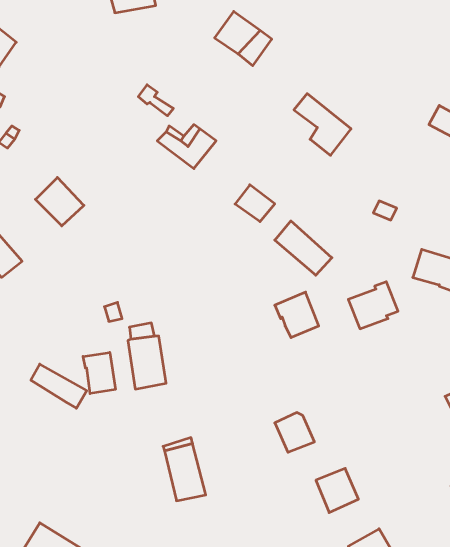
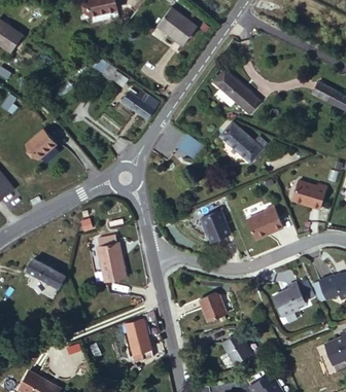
building: [275,221,332,275] -> [221,123,262,162]
building: [83,352,115,394] -> none
building: none -> [273,283,306,317]

